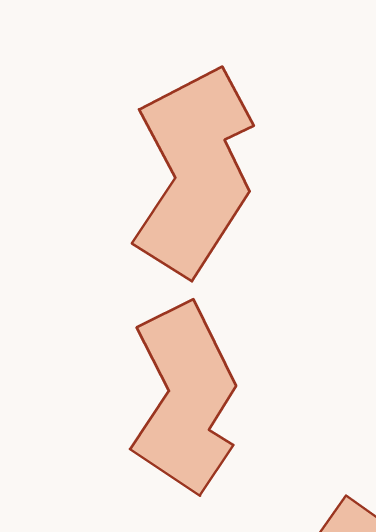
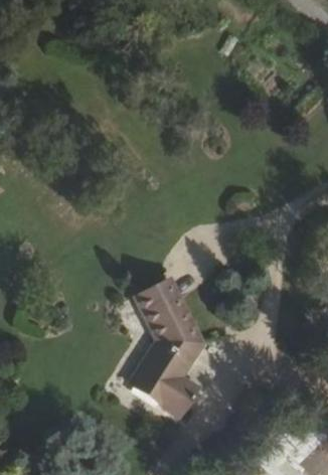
building: [132,67,254,281] -> none

